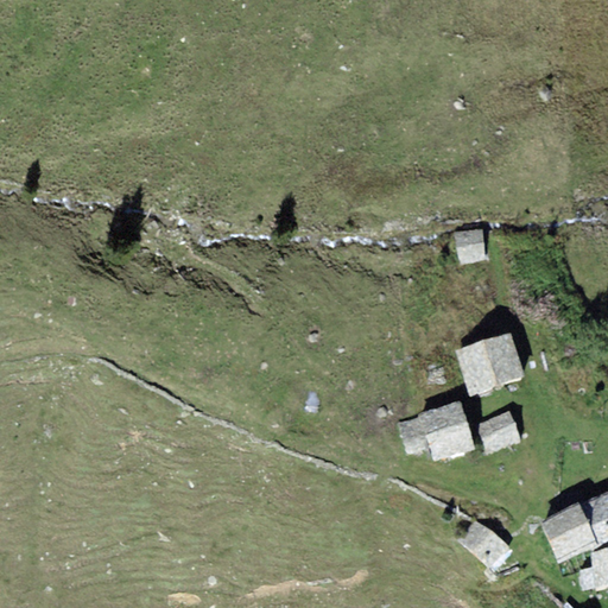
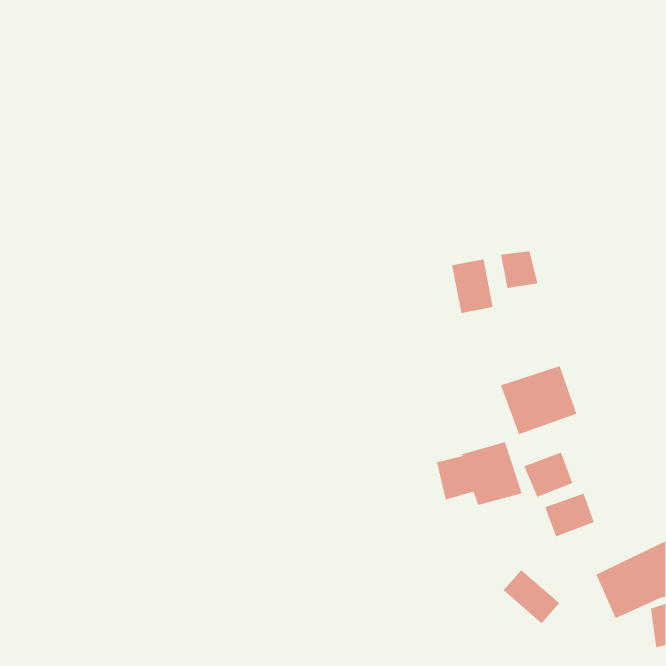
building: none -> [452,258,493,314]
building: none -> [544,493,594,537]

